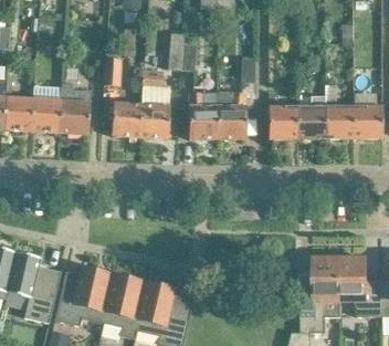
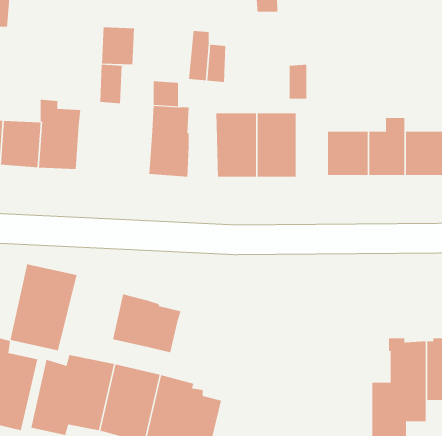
building: none -> [102,27,134,65]
building: [111,103,141,136] -> none
building: none -> [10,263,77,351]
building: none -> [112,293,181,353]

